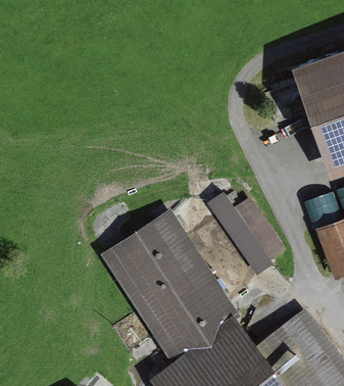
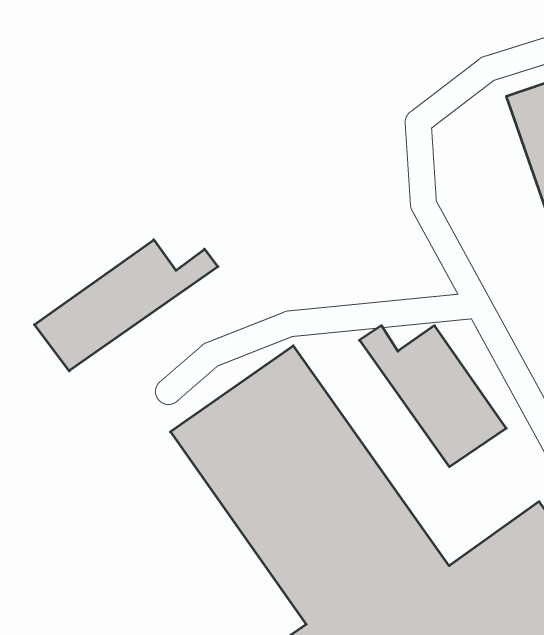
building: none -> [34,240,218,371]

